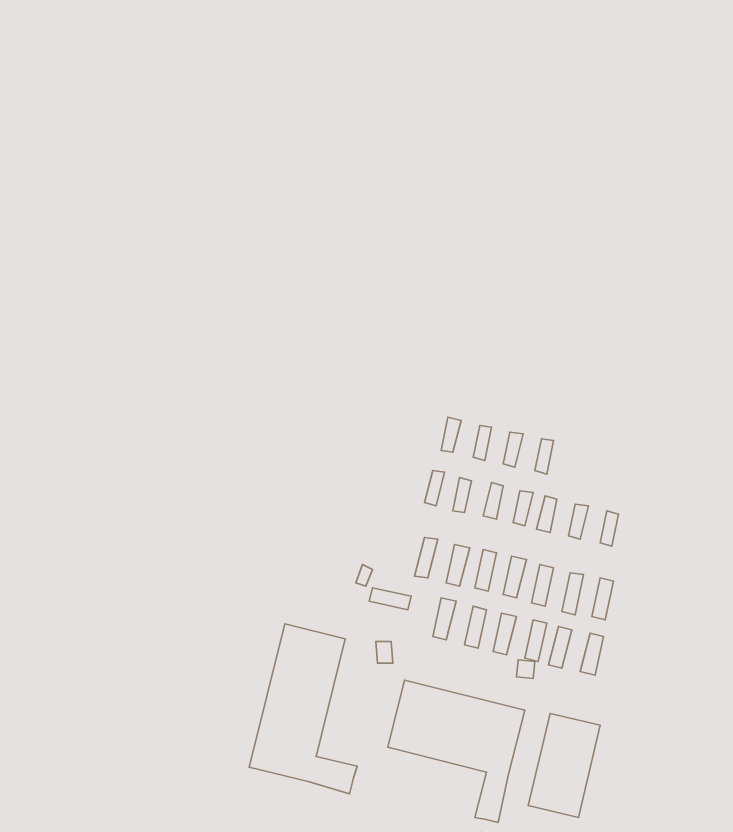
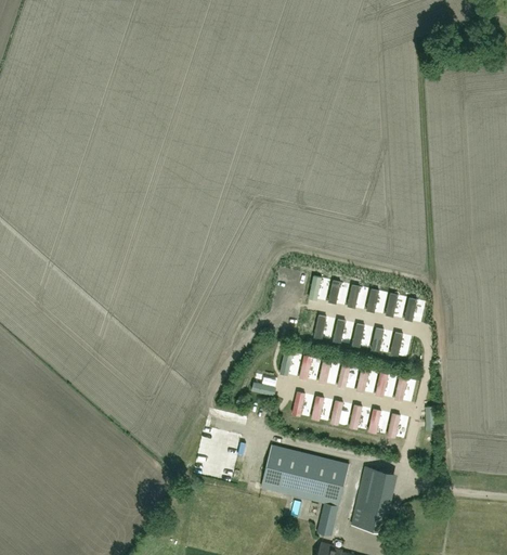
building: [249,624,357,794] -> none

